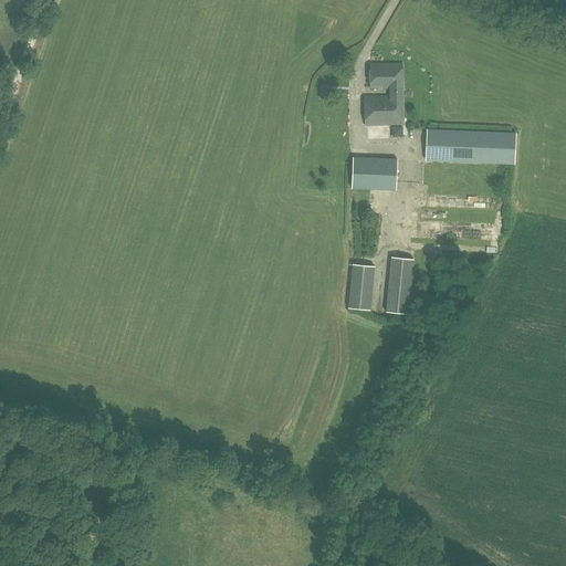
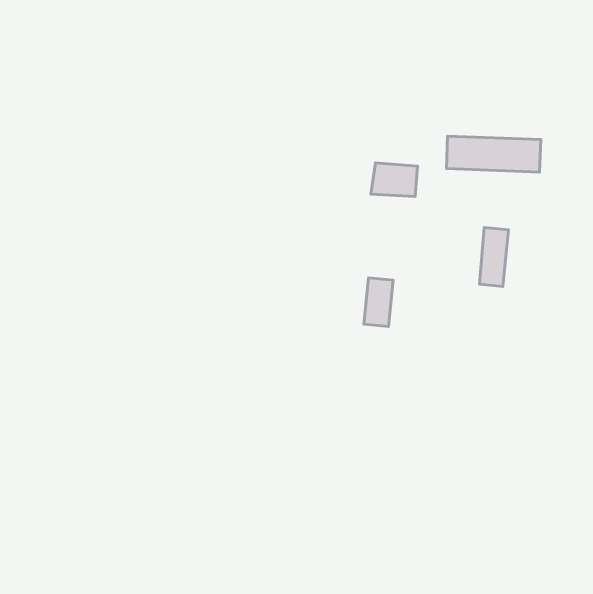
building: [364,64,401,125] -> none
building: [385,258,412,314] -> [480,227,509,287]

